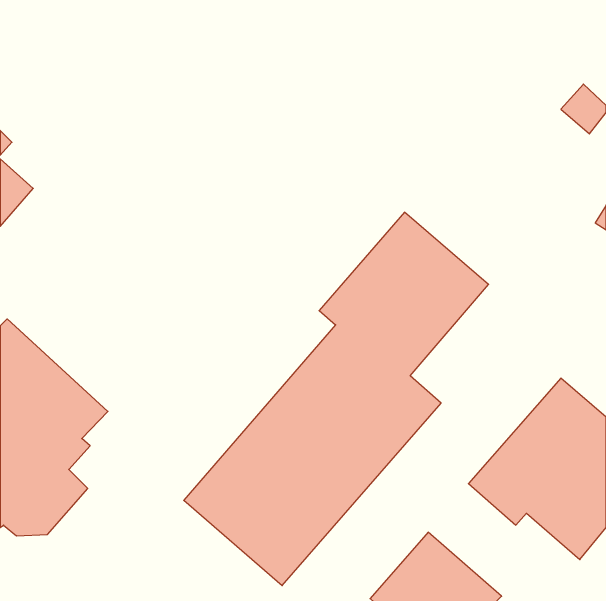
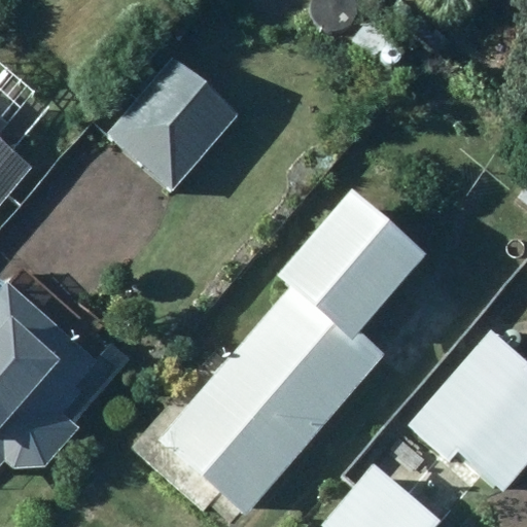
building: none -> [106,57,237,190]

